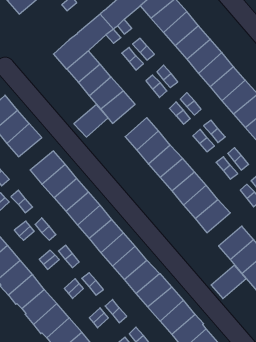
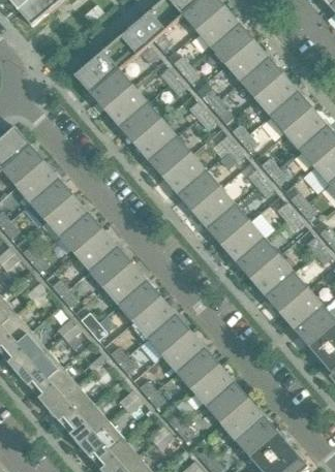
building: [74,105,108,137] -> [147,136,189,177]
building: none -> [30,178,73,218]
building: [211,265,246,299] -> [264,271,307,312]

